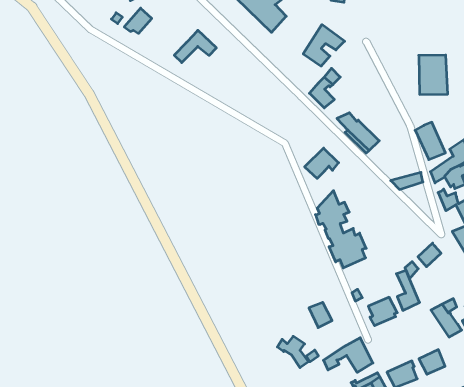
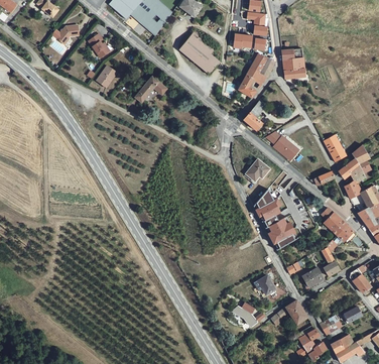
building: none -> [248,53,273,78]
building: [419,55,448,94] -> [285,47,309,79]
building: none -> [319,207,345,235]

